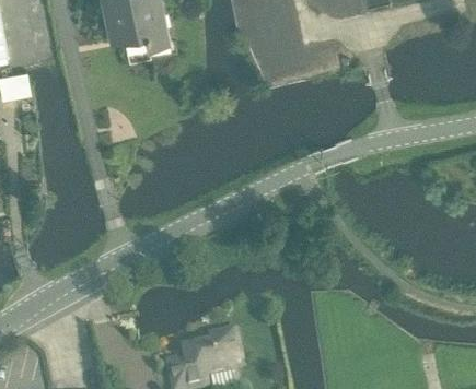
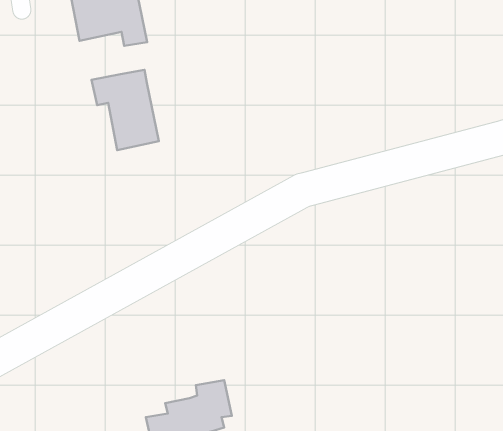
building: none -> [91,70,159,150]

